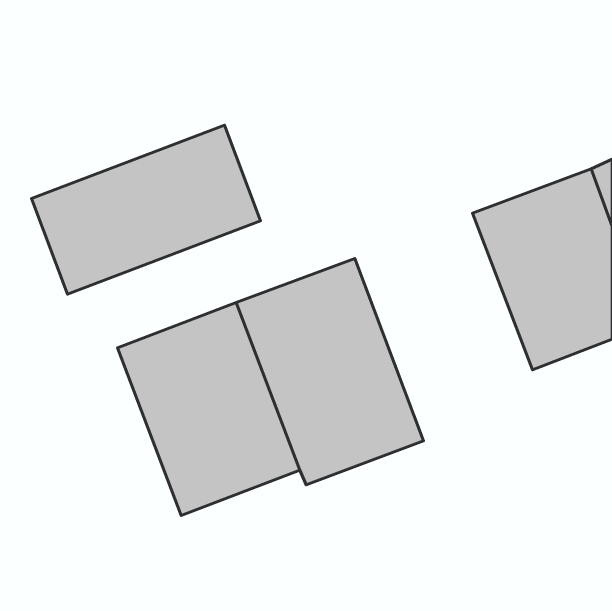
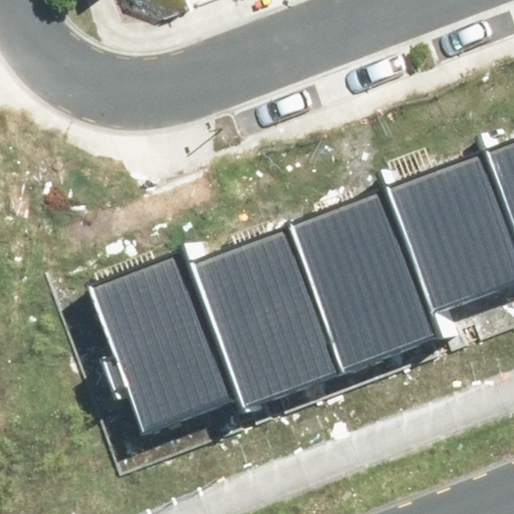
building: [31,125,261,294] -> none
building: none -> [291,187,445,373]

